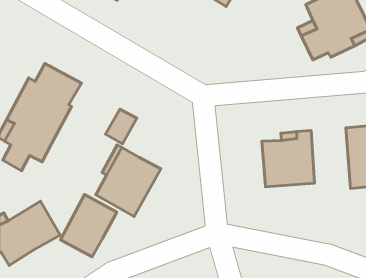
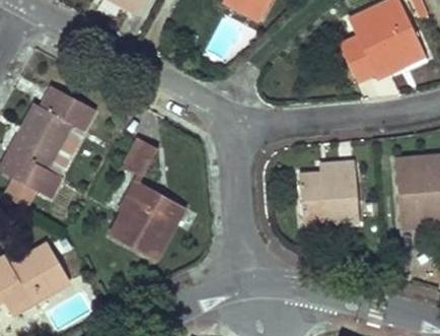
building: [60,194,117,257] -> none

